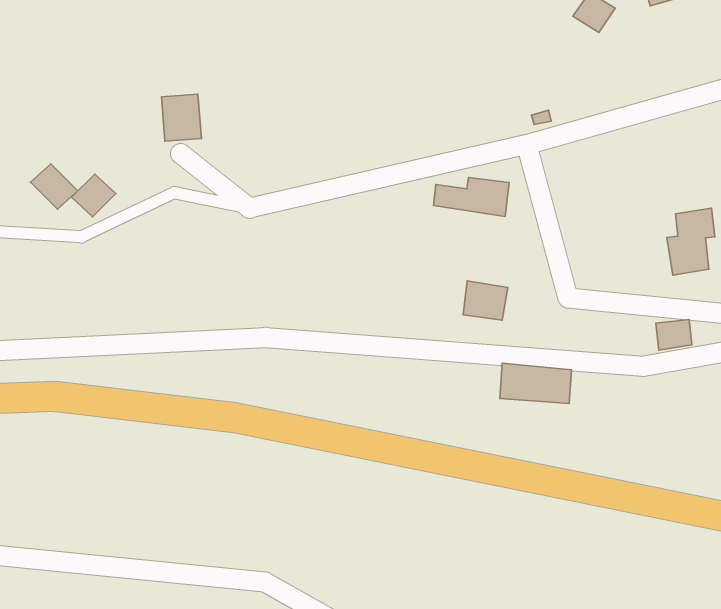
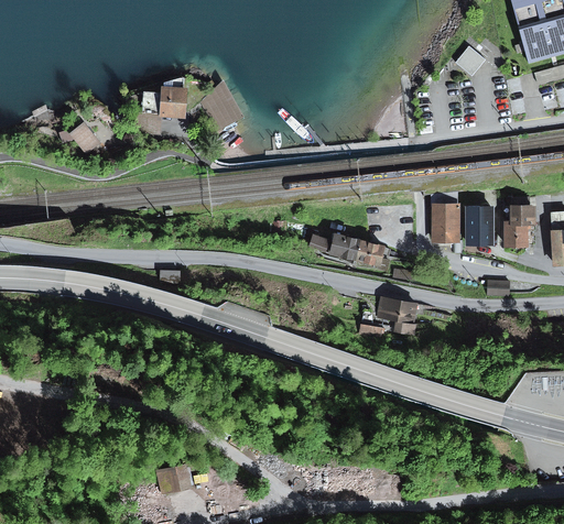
building: [72,174,116,217] -> none
building: [433,178,509,217] -> [307,229,361,259]
building: none -> [465,206,494,245]
building: none -> [431,204,459,243]

